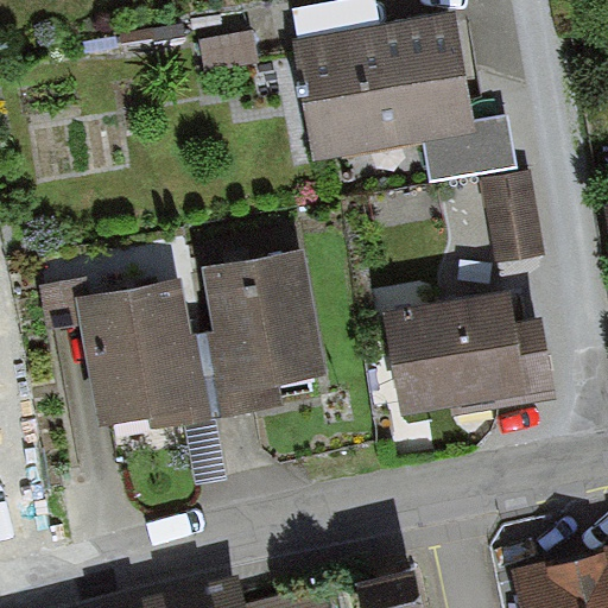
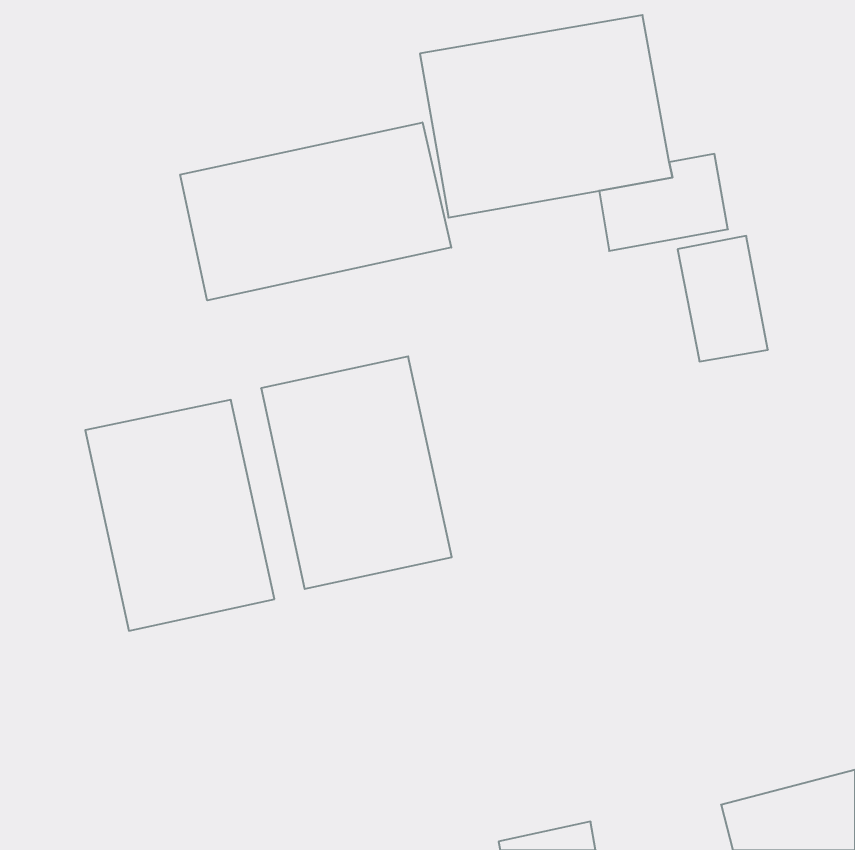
building: none -> [180,122,451,300]
building: [386,287,558,418] -> none

